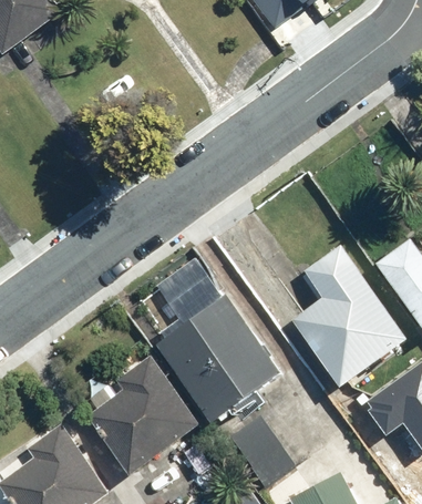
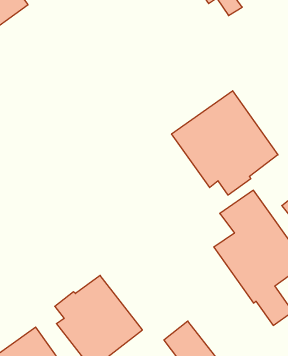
building: none -> [172,91,278,195]
building: [124,257,284,428] -> none

